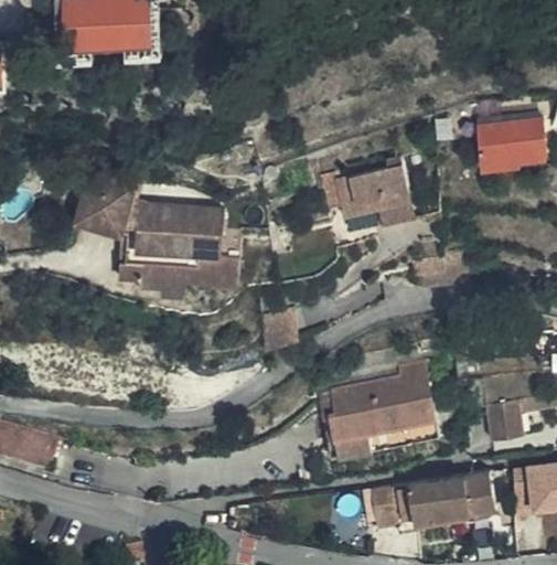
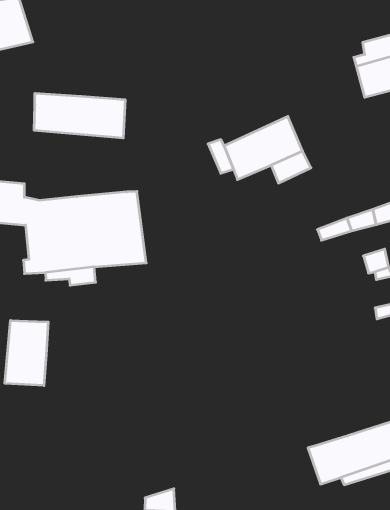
building: none -> [34,93,125,138]
building: none -> [5,320,48,386]
building: [317,362,438,458] -> none

